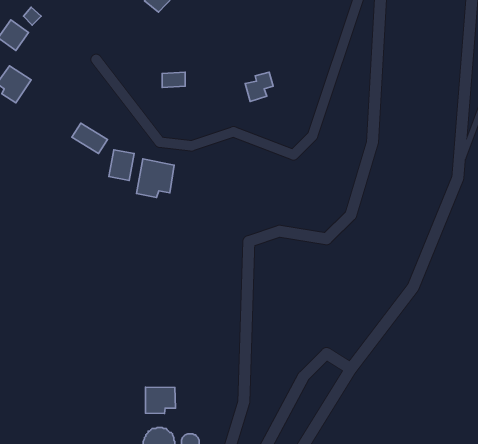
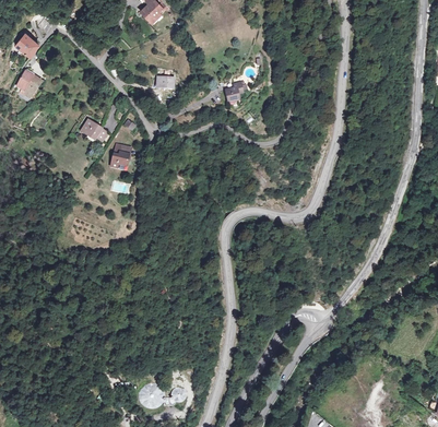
building: [136,159,174,198] -> none
building: [146,387,176,413] -> none

